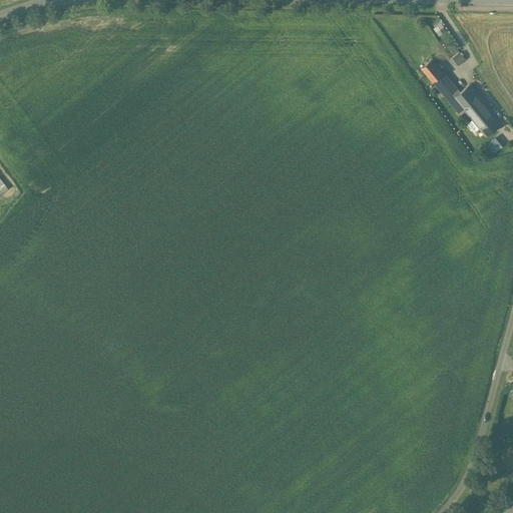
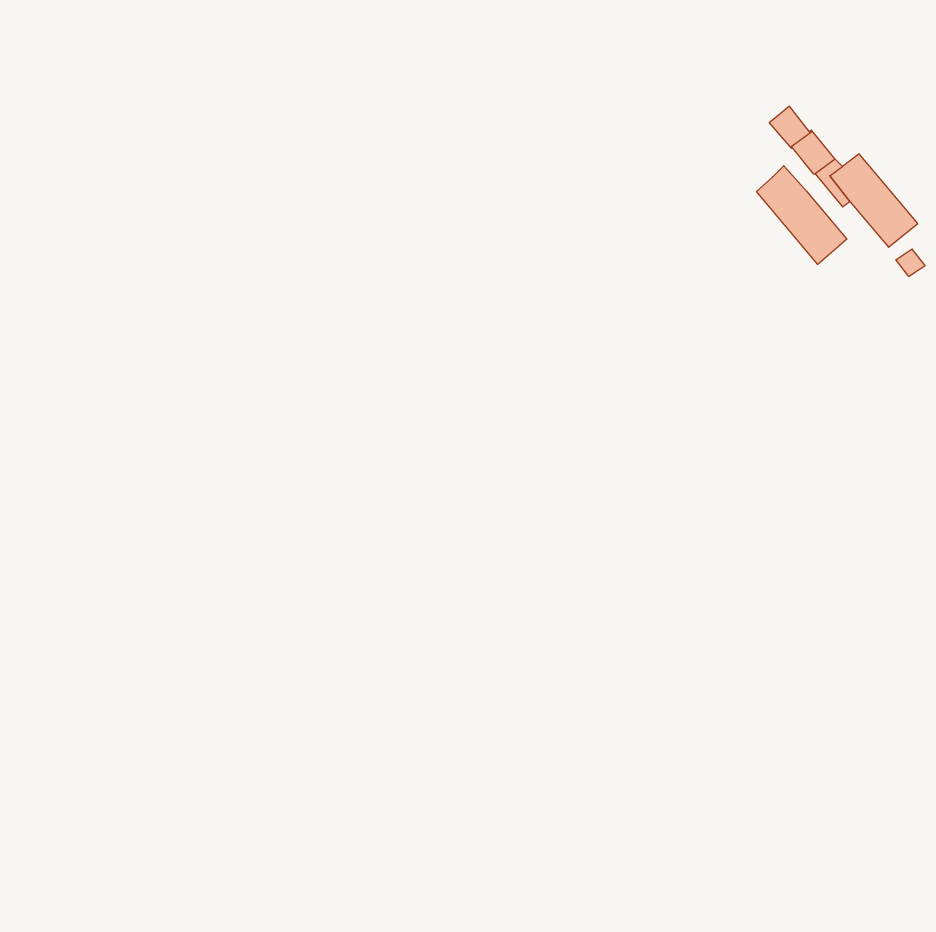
building: none -> [757,166,847,264]

